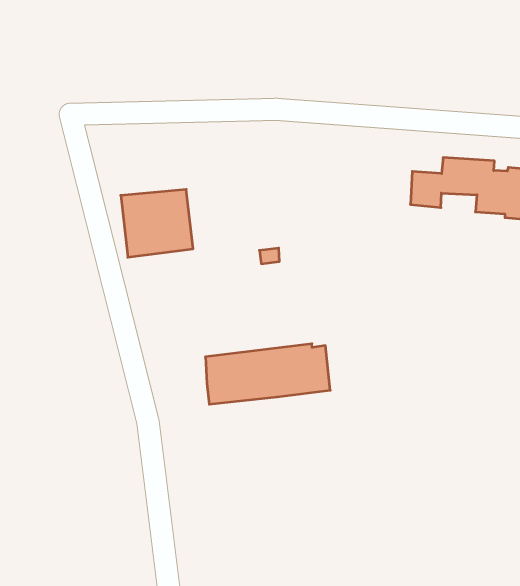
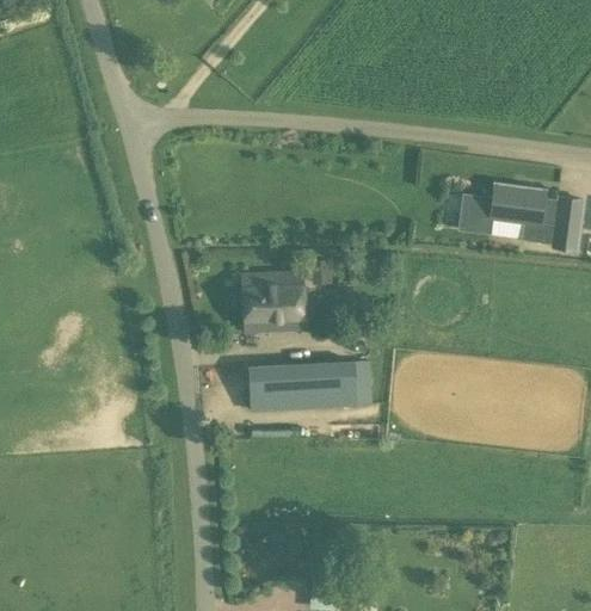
building: [121,189,193,257] -> [239,271,307,334]

